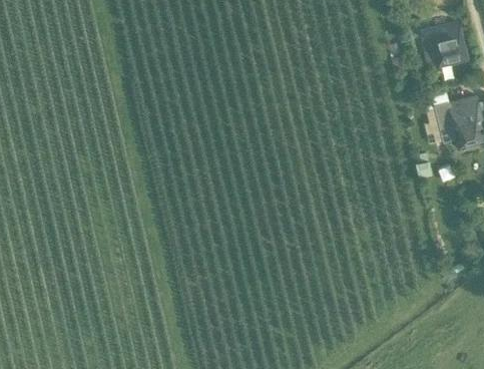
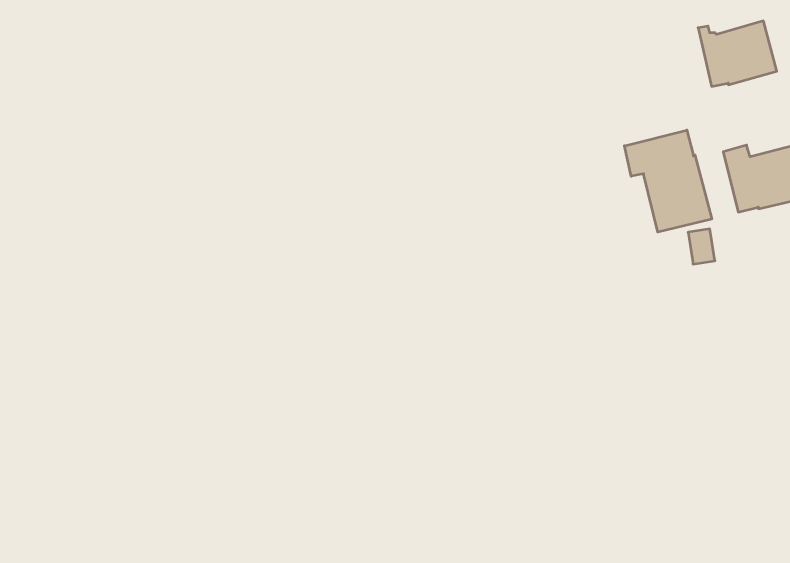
building: none -> [624,130,712,232]

